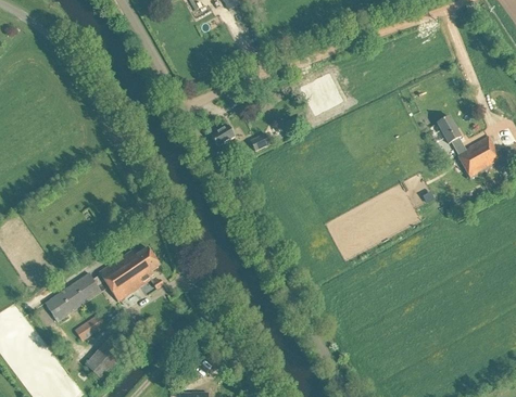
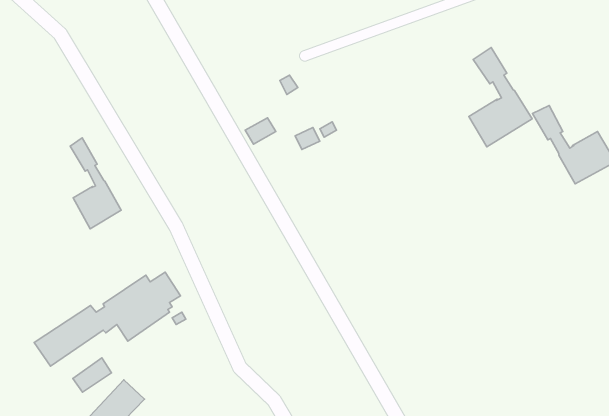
building: none -> [469,47,532,147]
building: none -> [70,138,121,229]

